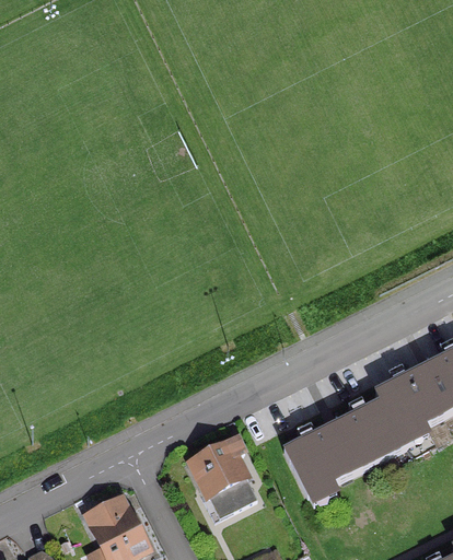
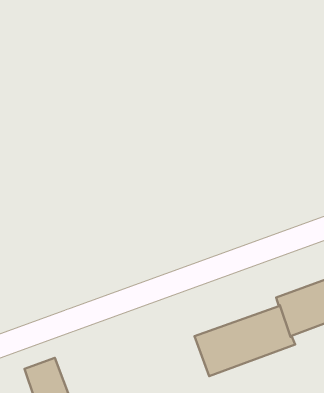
building: [189,435,256,509] -> none

